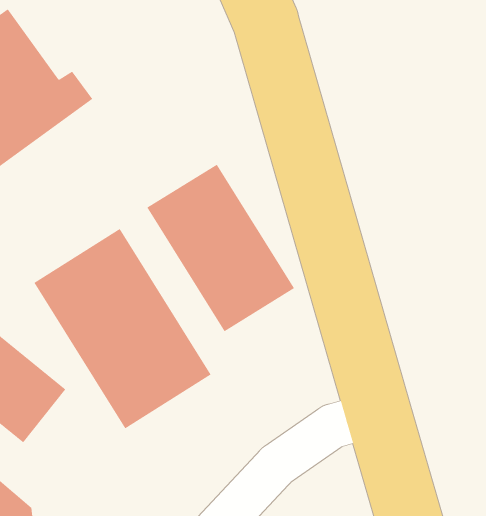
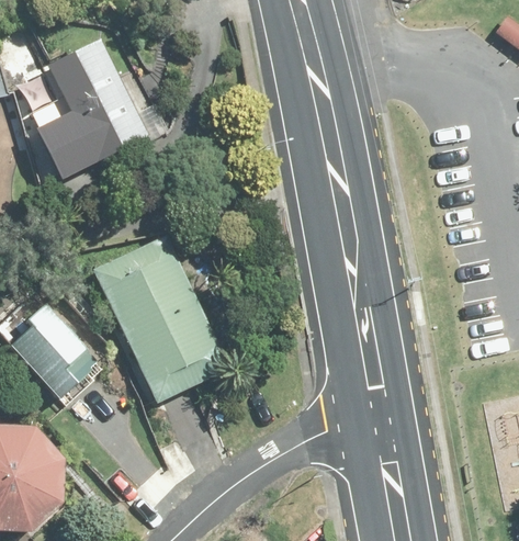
building: [147,164,295,332] -> none

